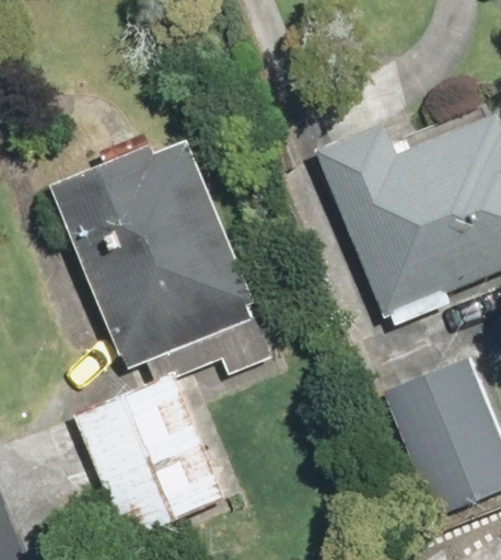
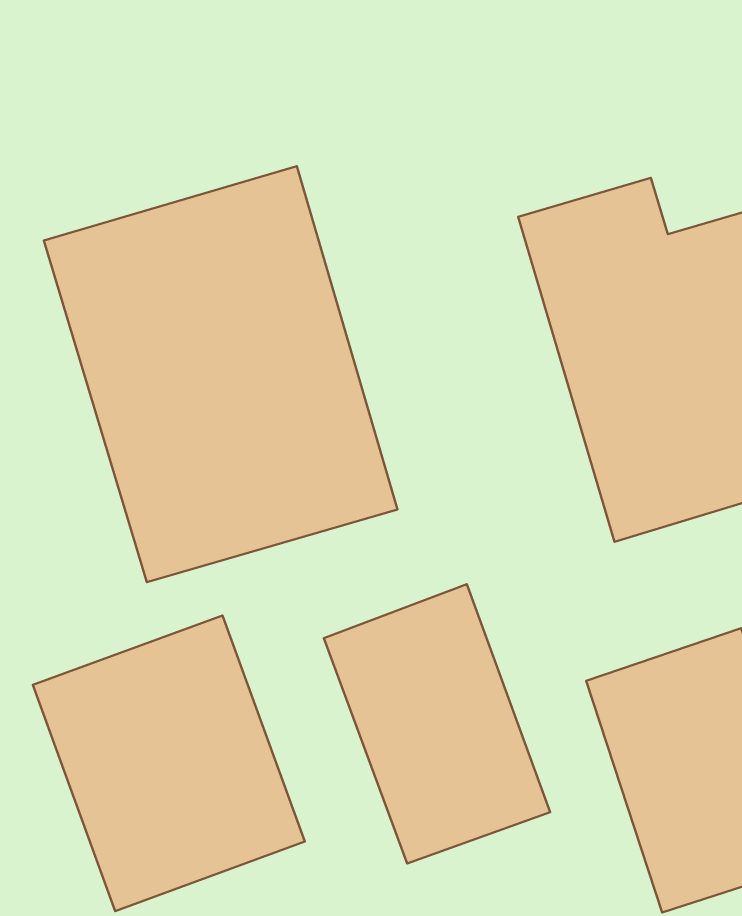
building: none -> [324,584,550,863]

